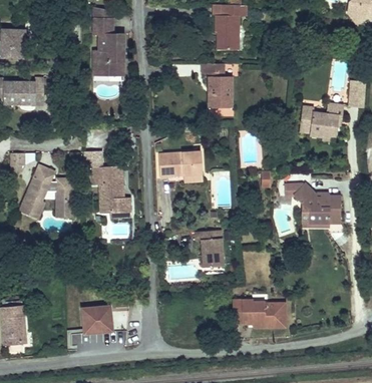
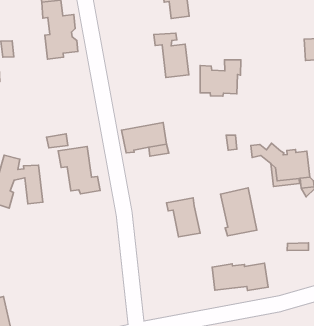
building: [300,101,344,137] -> [200,60,241,96]
building: none -> [221,188,257,236]
building: [82,306,112,333] -> none

